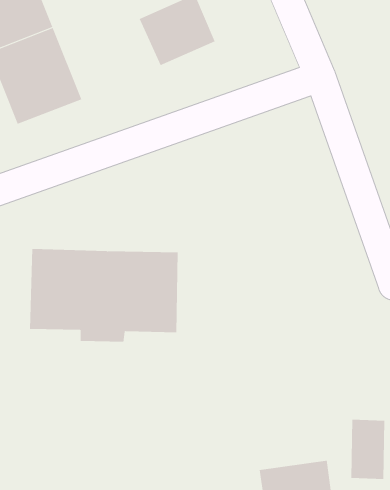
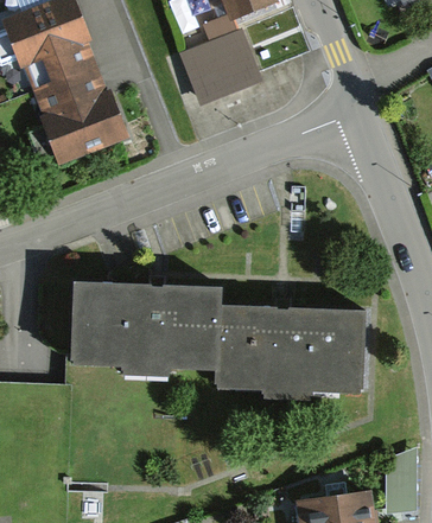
building: none -> [217,307,355,400]

